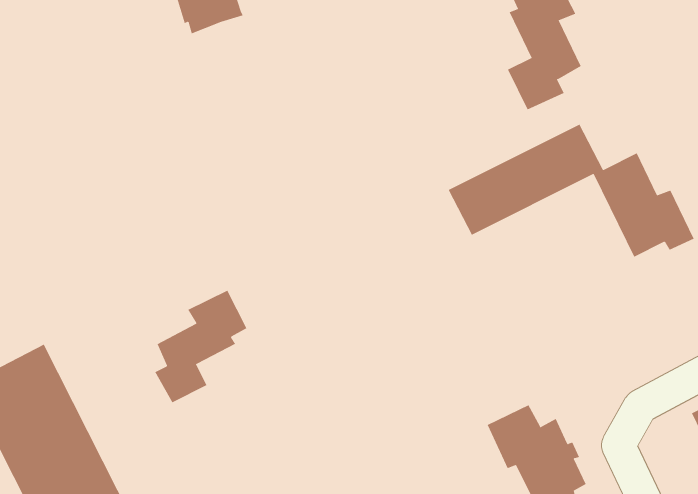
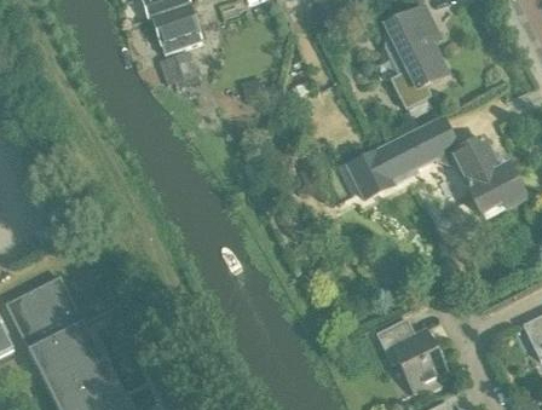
building: none -> [158,47,201,86]
building: [155,290,247,403] -> none

